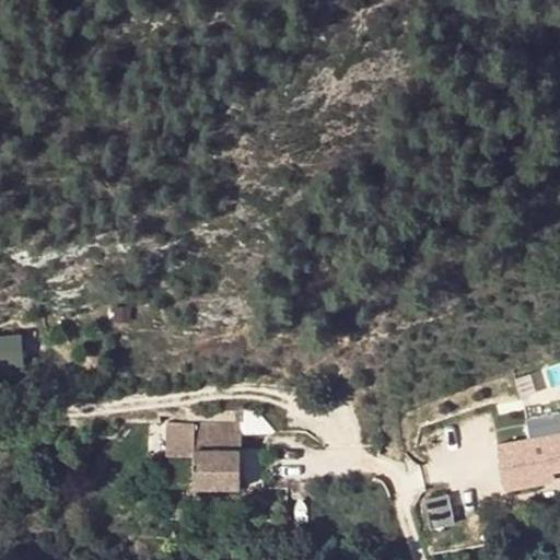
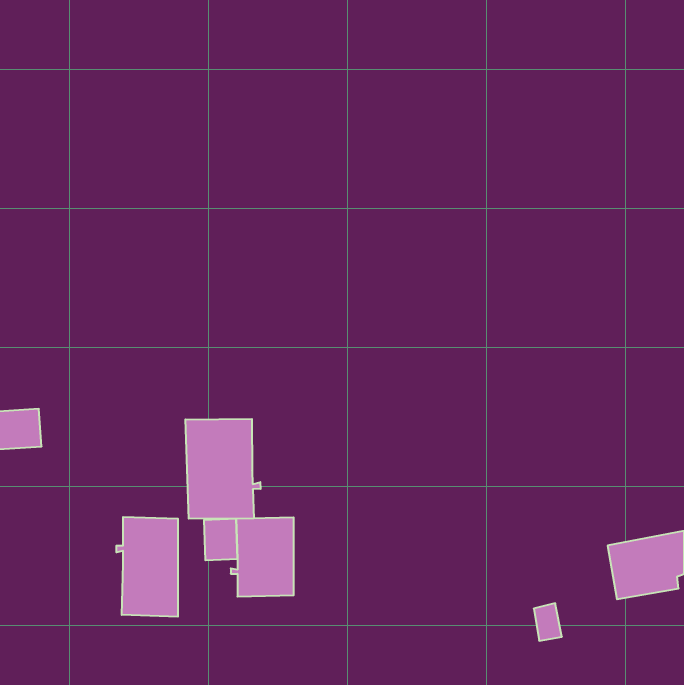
building: none -> [185,419,261,519]
building: none -> [116,517,178,617]

